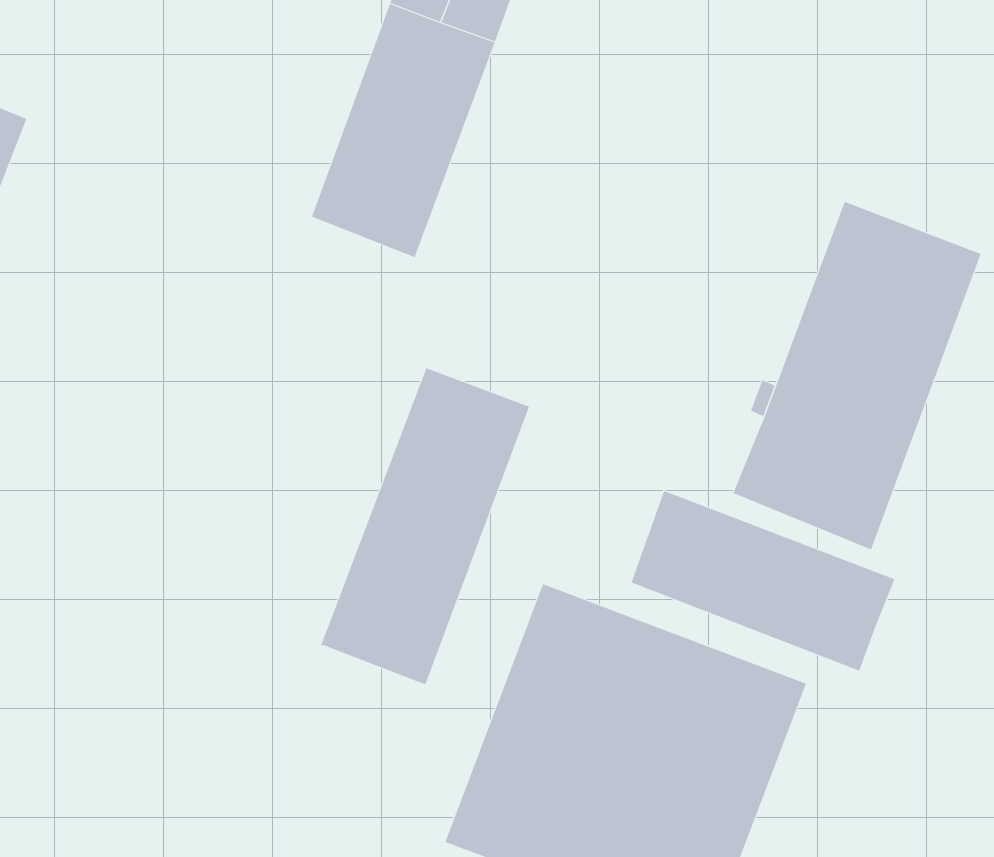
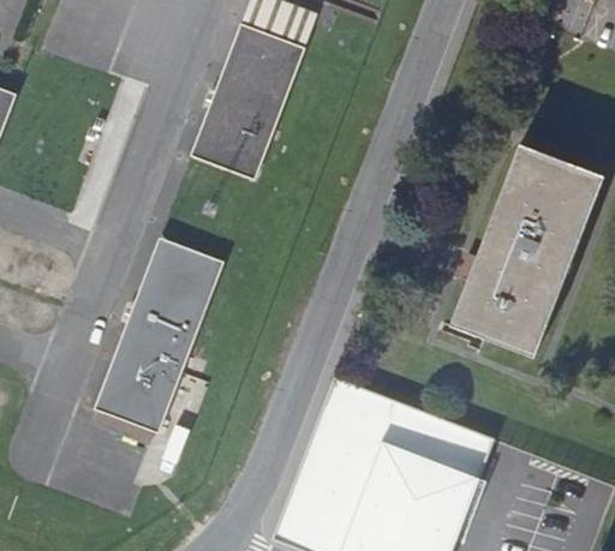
building: [320,367,530,685] -> [95,238,223,432]
building: [631,490,895,671] -> none

